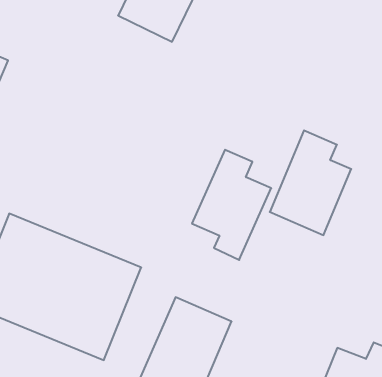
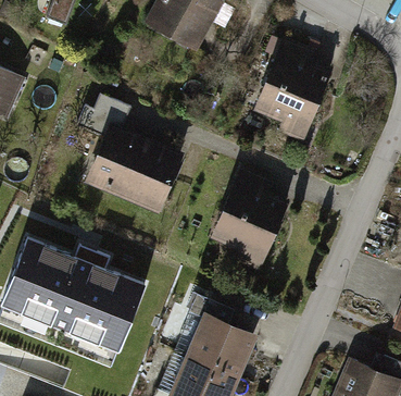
building: none -> [74,96,177,212]
building: [270,130,351,235] -> [245,37,325,140]

